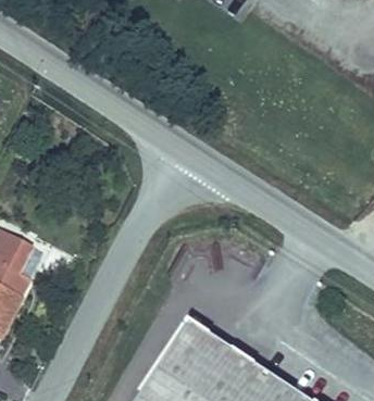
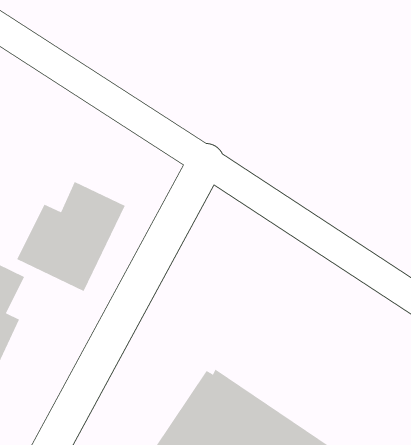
building: none -> [16,181,125,292]

